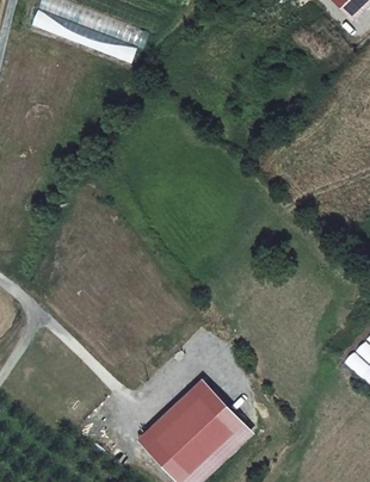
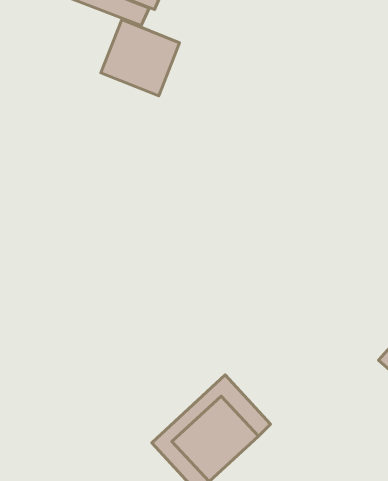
building: none -> [101,20,180,96]

